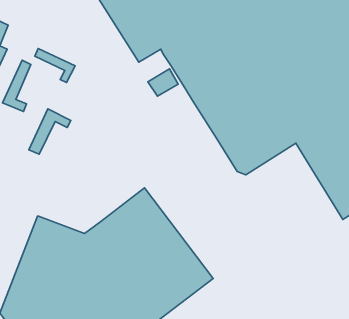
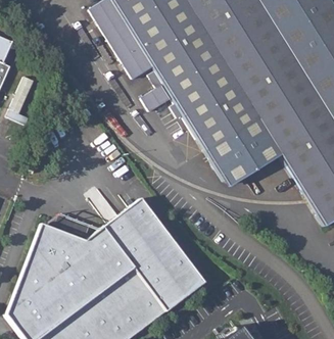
building: [35,49,75,83] -> none
building: [29,109,71,154] -> none

